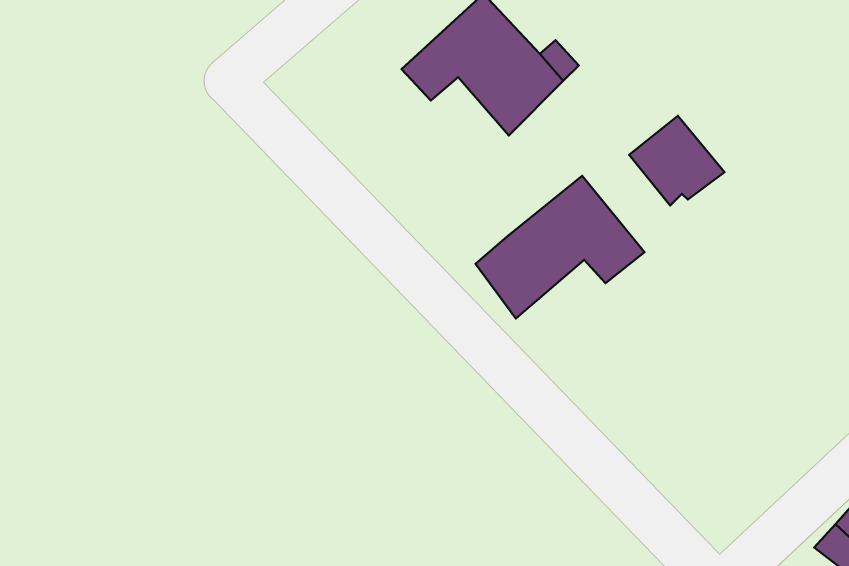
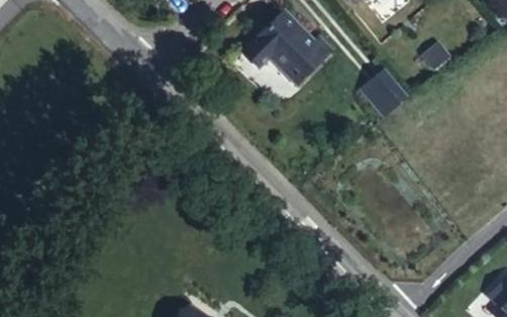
building: [476,176,644,318] -> none

